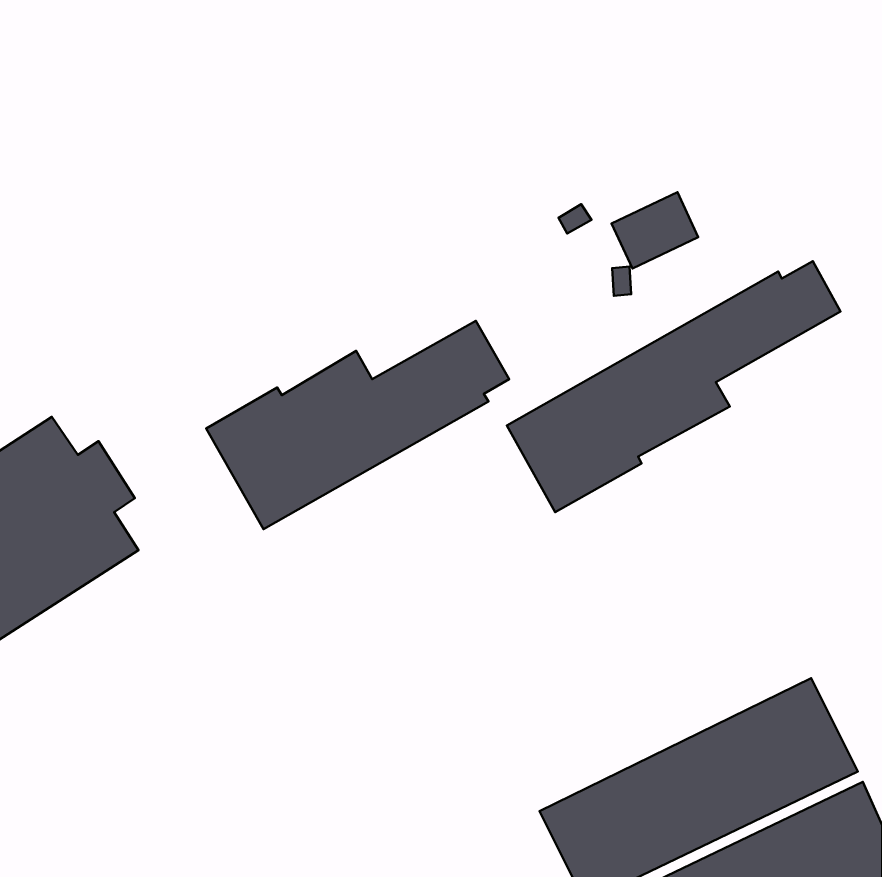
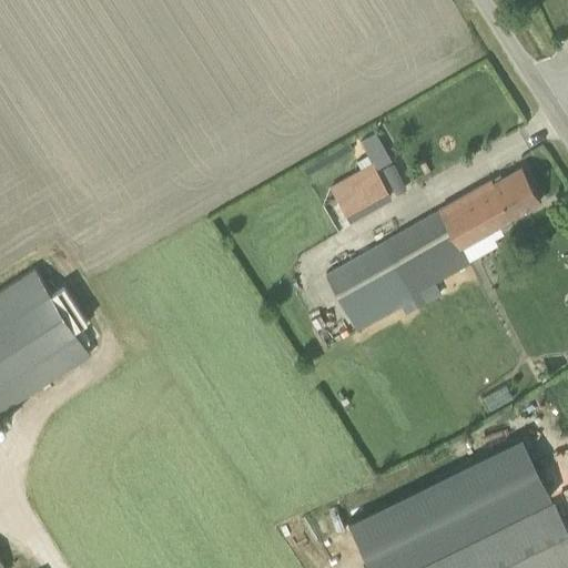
building: [612,192,698,268] -> [335,166,390,215]
building: [206,321,509,529] -> none

